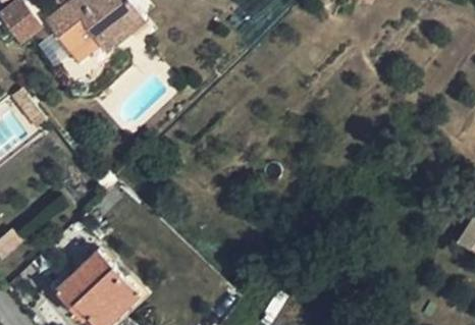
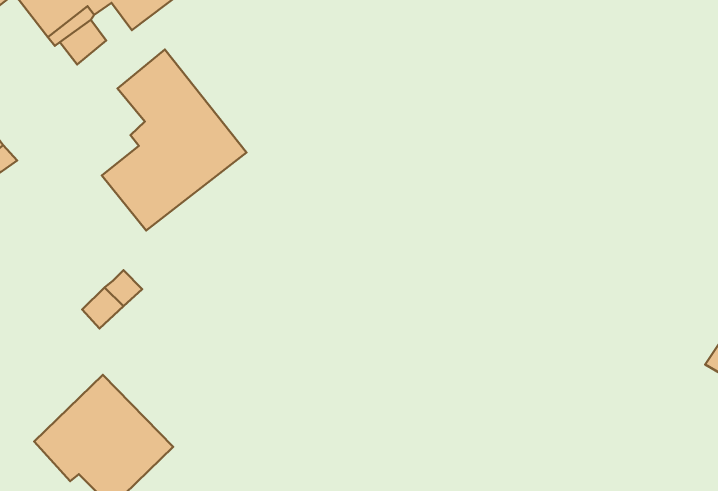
building: none -> [102,49,247,230]

